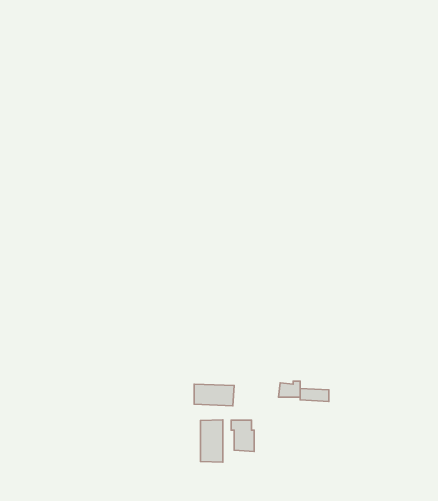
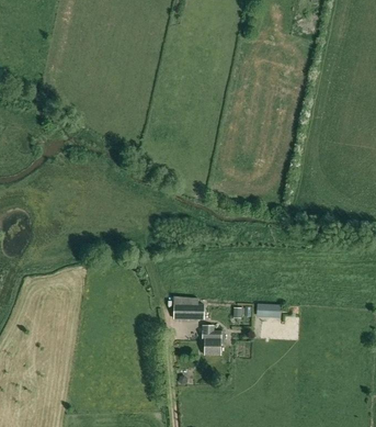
building: [200,420,223,462] -> none

